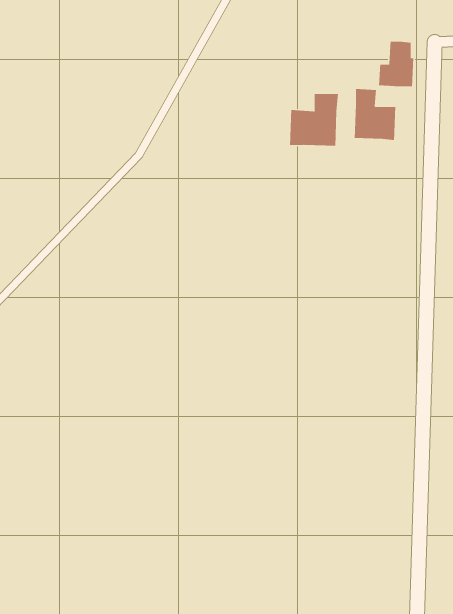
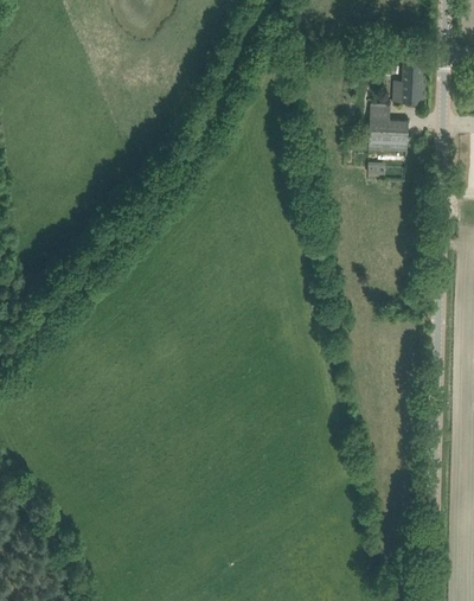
building: [289,93,339,146] -> none

